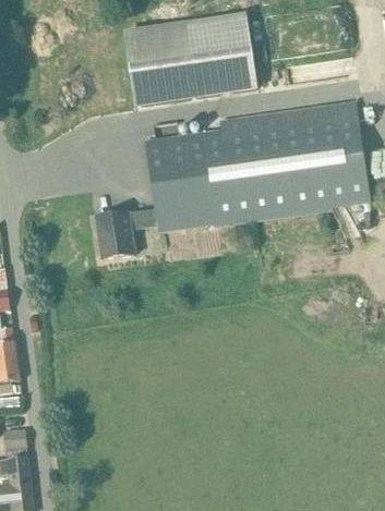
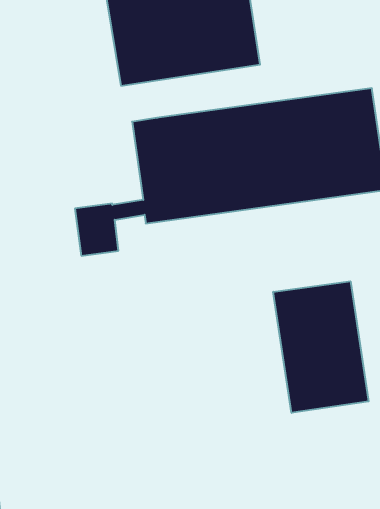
building: none -> [273,281,369,413]

